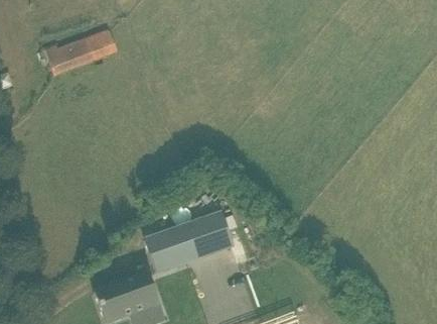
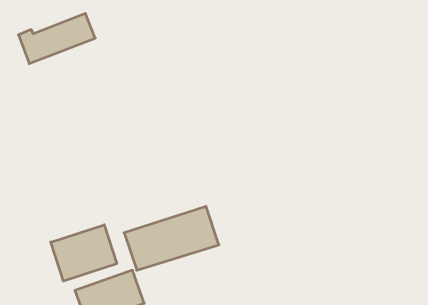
building: none -> [51,225,117,281]

